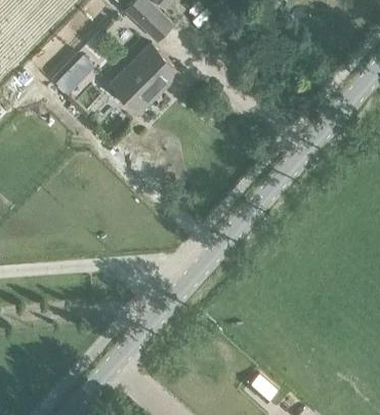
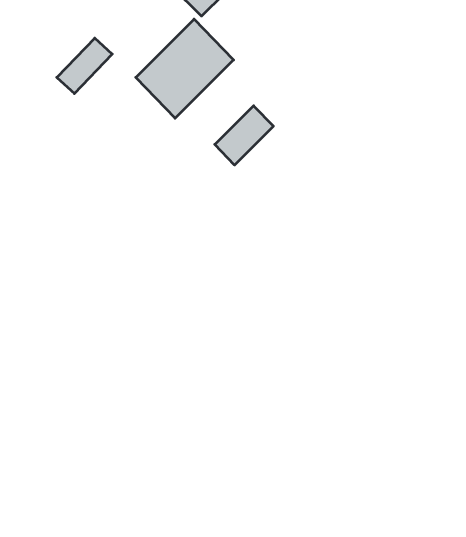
building: none -> [215,106,273,165]

